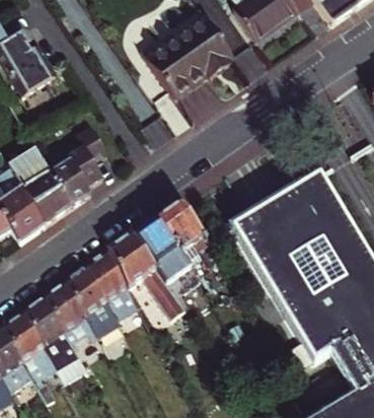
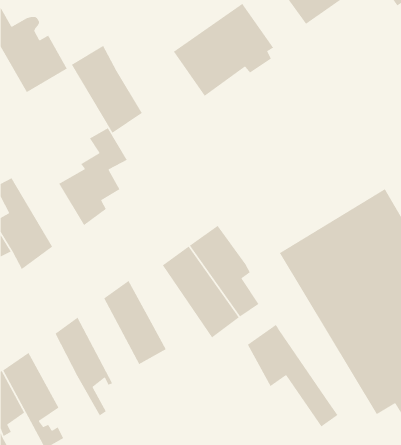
building: [10,147,70,221] -> [71,45,143,134]
building: [107,231,183,318] -> [247,324,338,427]
building: [65,264,117,335] -> none
building: [24,293,85,379] -> none

